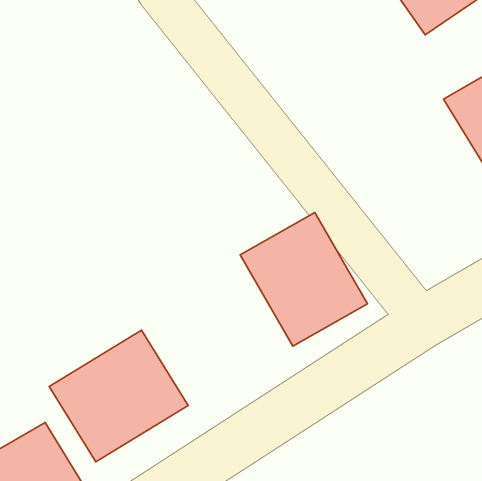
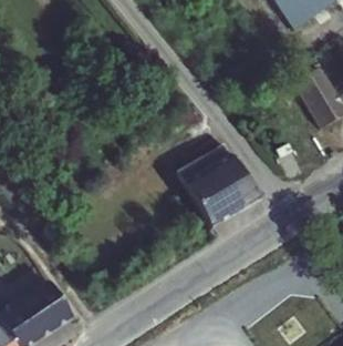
building: [49,330,188,462] -> none

